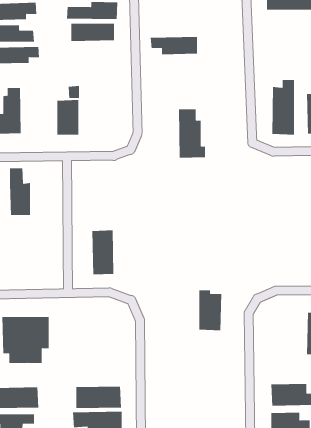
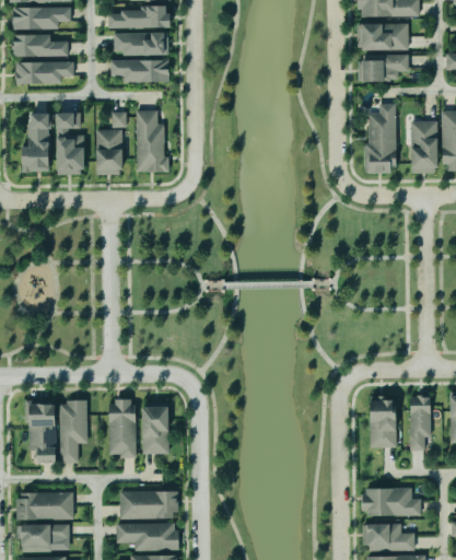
building: none -> [356,24,408,50]
building: [150,37,198,55] -> [109,60,169,83]
building: none -> [359,55,408,82]
building: [178,109,206,158] -> [135,110,169,173]
building: [9,168,31,216] -> [58,114,85,174]
building: [92,230,114,275] -> [107,399,136,456]
building: [199,290,222,331] -> [369,397,398,448]
building: none -> [142,408,169,453]

